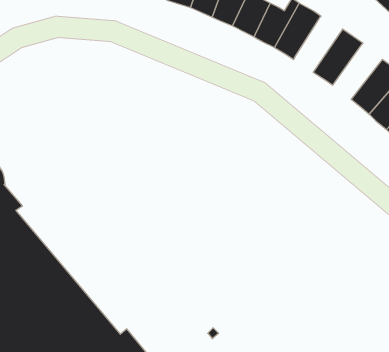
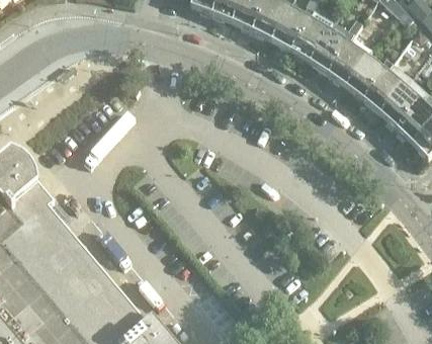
building: none -> [307,14,359,71]
building: none -> [343,54,390,96]

